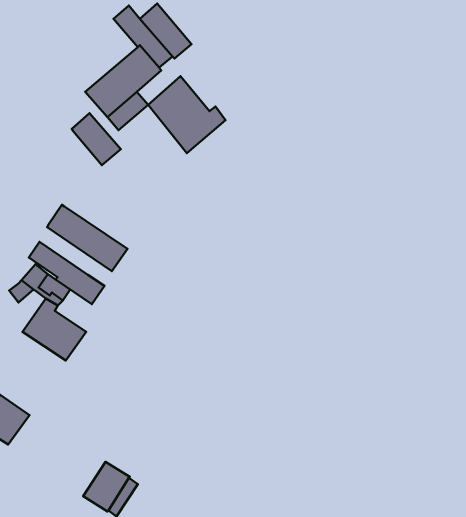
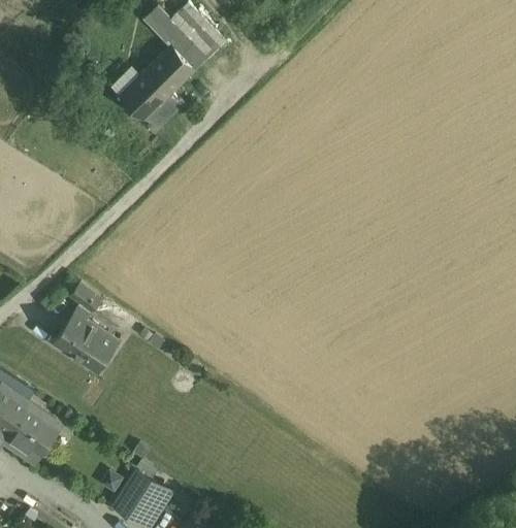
building: [148,76,225,153] -> none
building: [72,113,121,165] -> none
building: [47,205,127,271] -> none
building: [29,242,105,304] -> none

